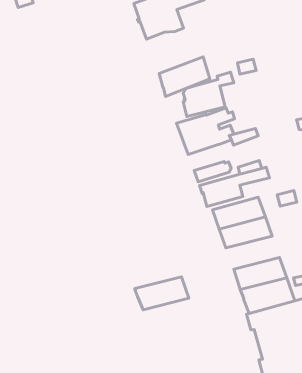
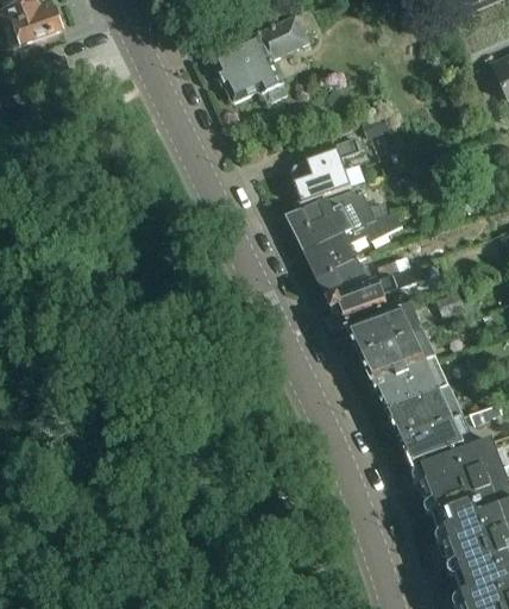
building: [159,57,210,97] -> none
building: none -> [308,240,359,280]
building: [135,277,189,310] -> [373,360,450,412]

